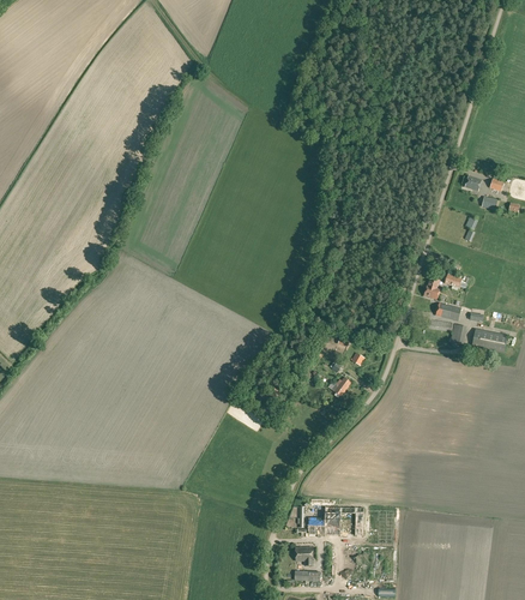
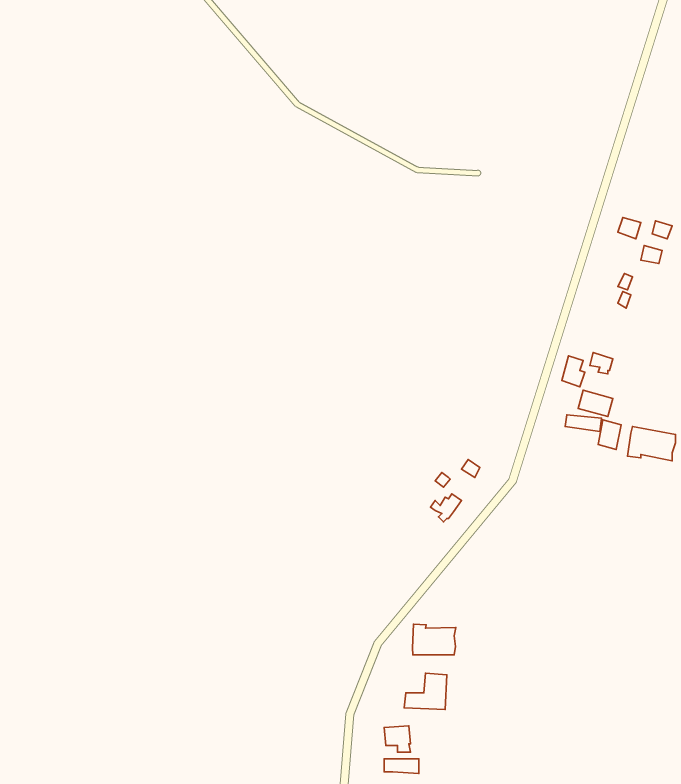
building: none -> [412,624,456,655]

